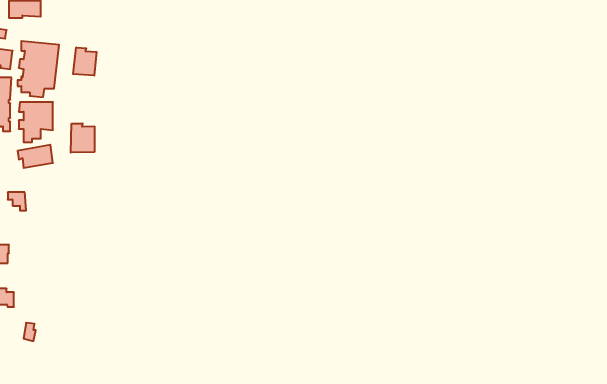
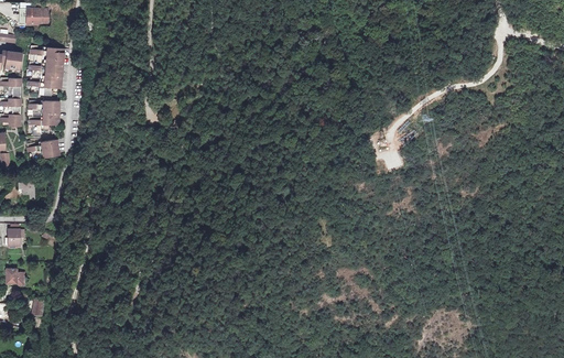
building: [73,47,97,76] -> none
building: [71,123,94,153] -> none

